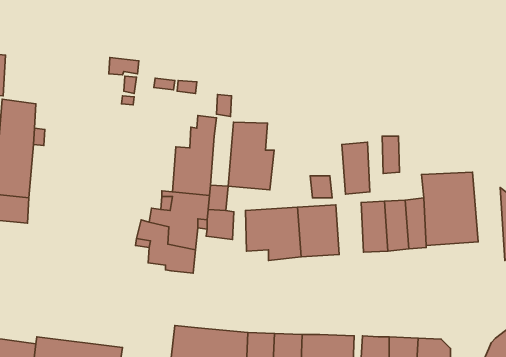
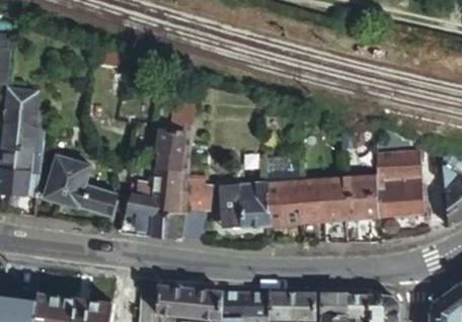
building: [228,122,274,190] -> none
building: [342,142,370,194] -> [299,178,323,224]
building: none -> [44,156,118,223]

